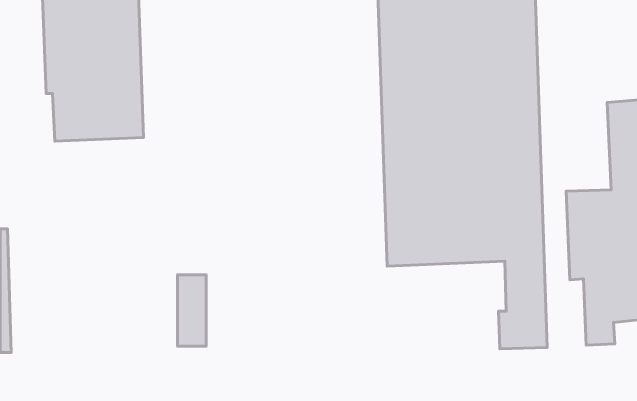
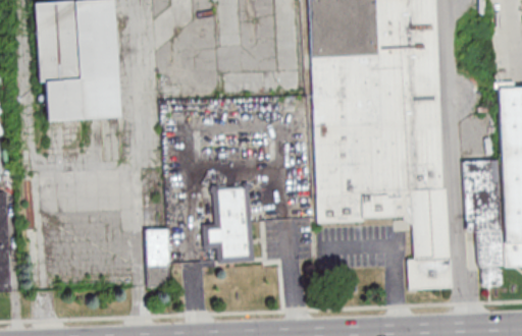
building: none -> [204,186,253,263]

